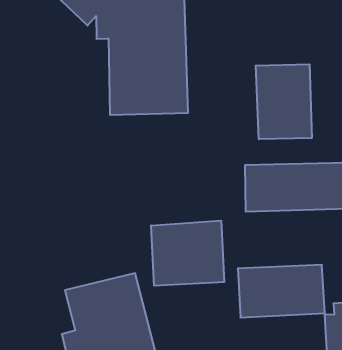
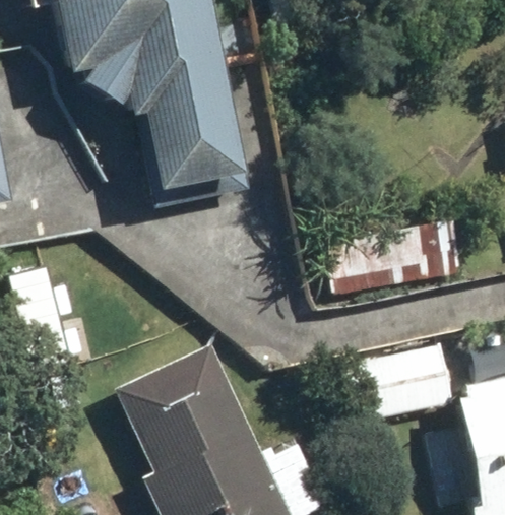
building: [256,64,312,139] -> none
building: [151,221,224,286] -> none

